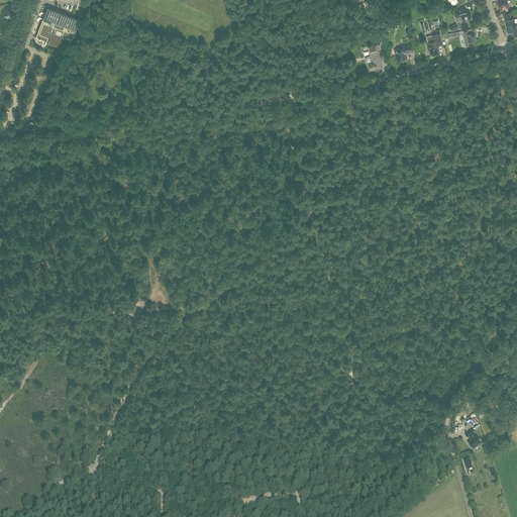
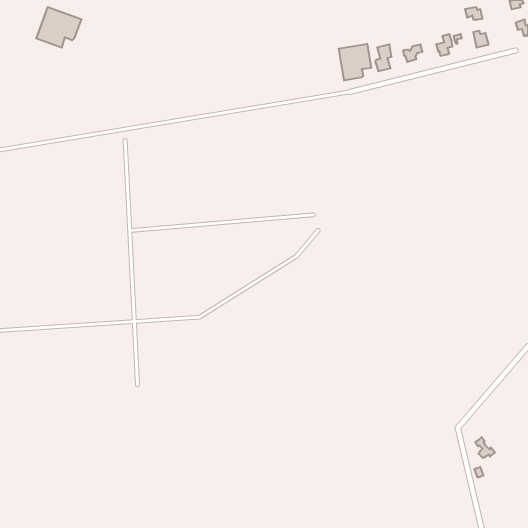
building: none -> [339,44,371,81]

